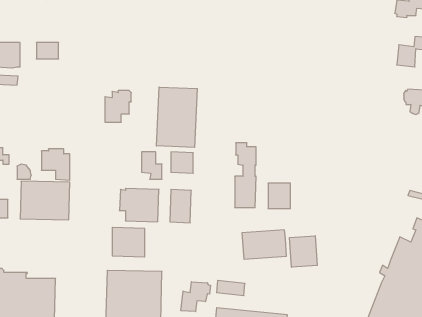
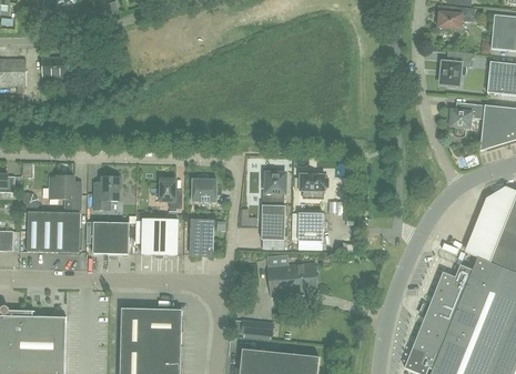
building: [156,87,197,147] -> none
building: [105,91,131,122] -> [93,174,122,209]
building: none -> [294,173,327,198]
building: [112,227,145,257] -> [92,221,128,253]
building: [289,236,317,267] -> none
building: [181,282,210,312] -> none

